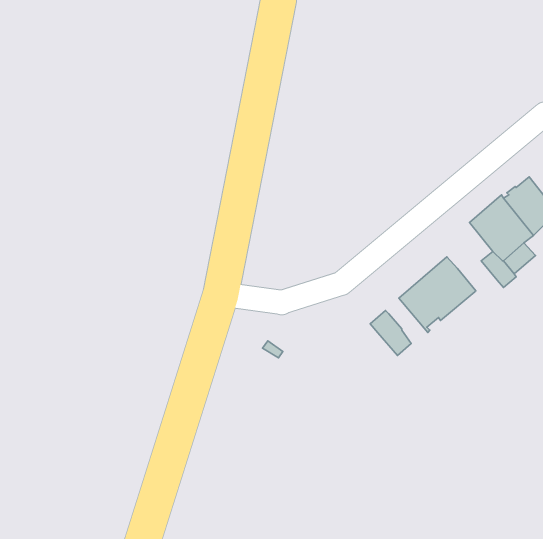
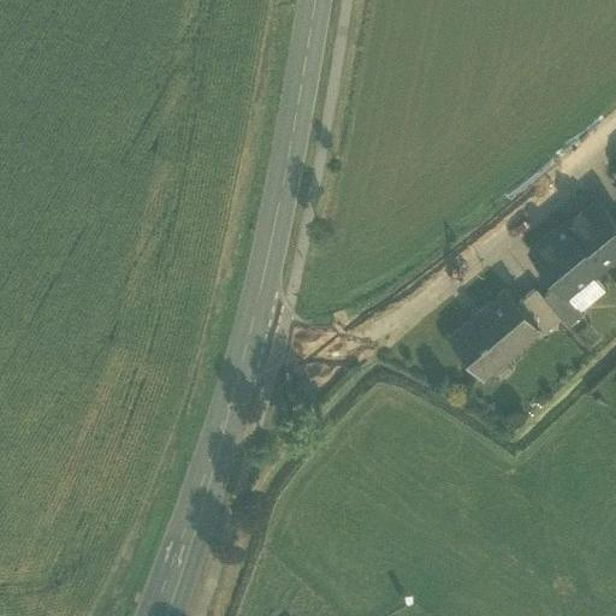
building: none -> [519,292,563,340]
building: [370,311,411,356] -> none

